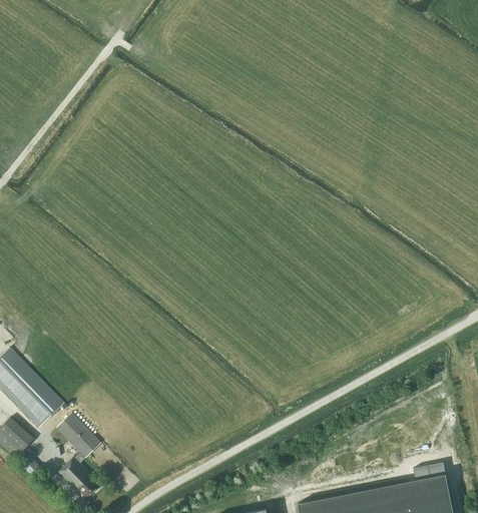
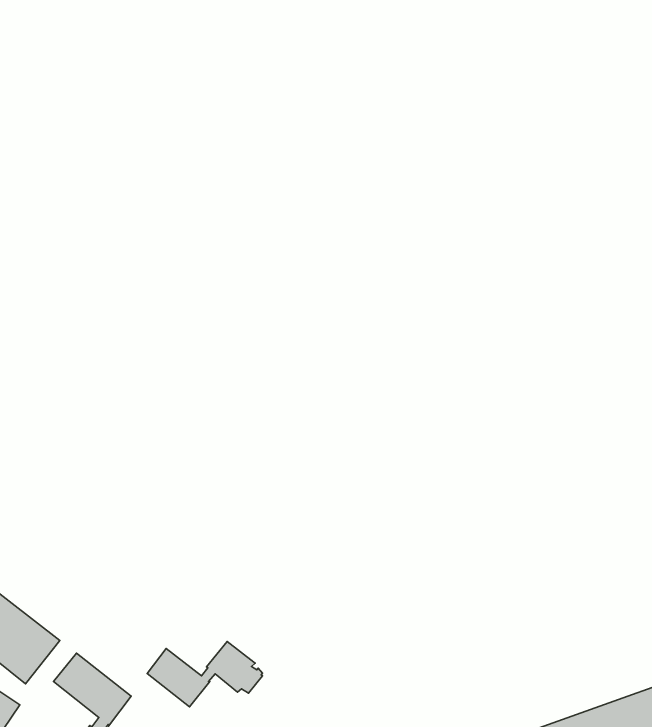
building: none -> [147,641,263,707]

